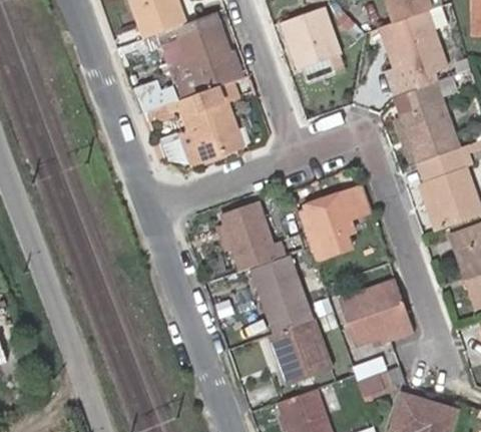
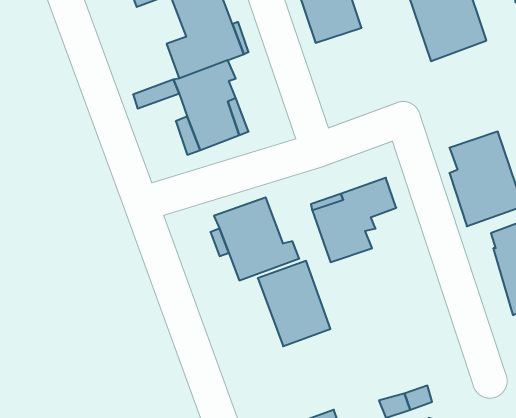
building: [395,80,459,159] -> none
building: [340,281,412,344] -> none
building: [271,317,333,384] -> none

